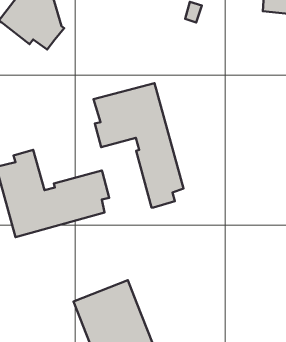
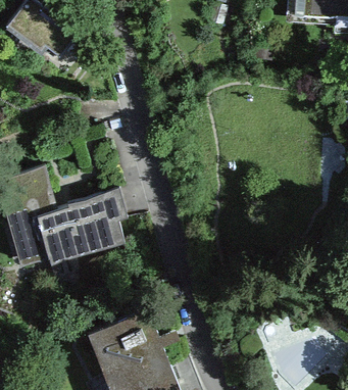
building: [94,83,183,208] -> none

